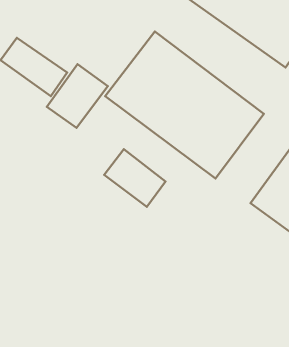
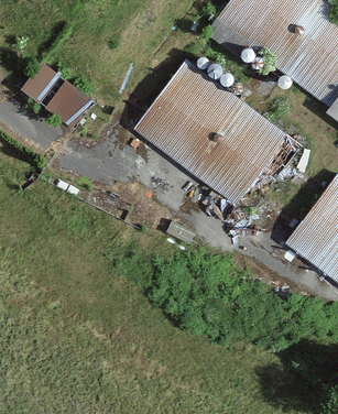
building: [47,64,108,128] -> none
building: [104,149,165,207] -> none

